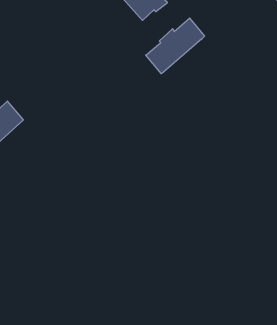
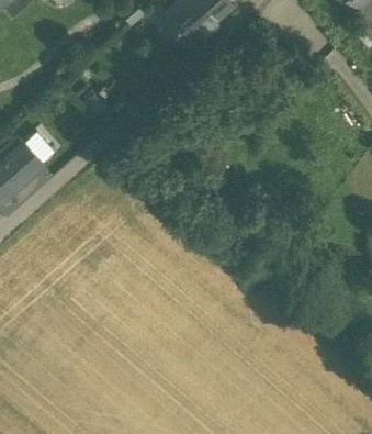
building: [146,18,205,74] -> none

